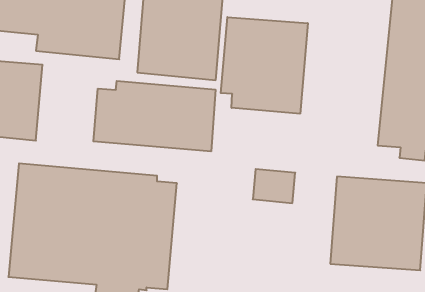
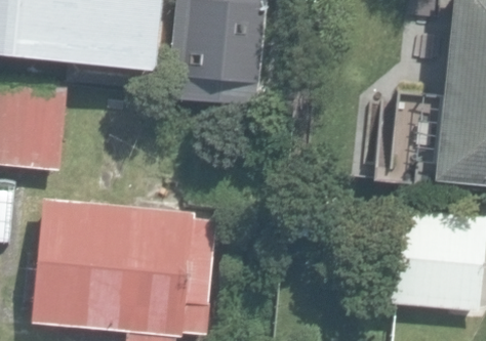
building: [221,17,308,114] -> none
building: [93,81,215,151] -> none

